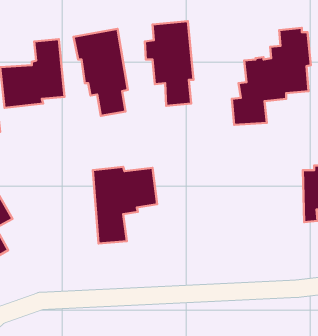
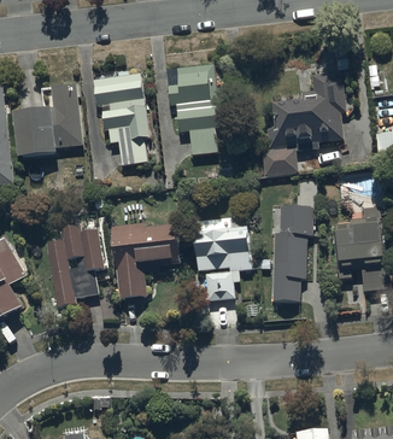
building: none -> [272,206,313,303]
building: none -> [194,226,251,302]
building: none -> [46,227,104,308]

